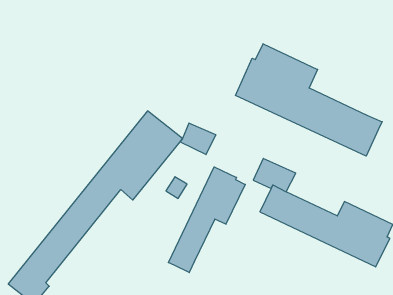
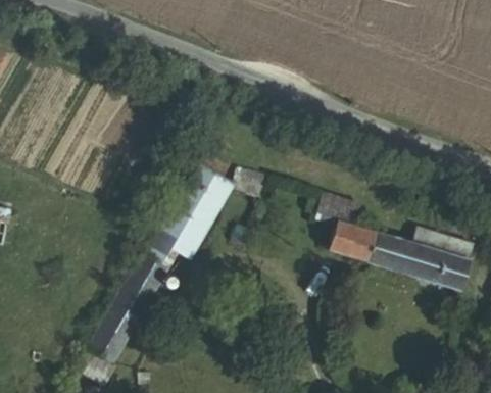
building: [235,44,382,156] -> none
building: [168,167,245,273] -> none

